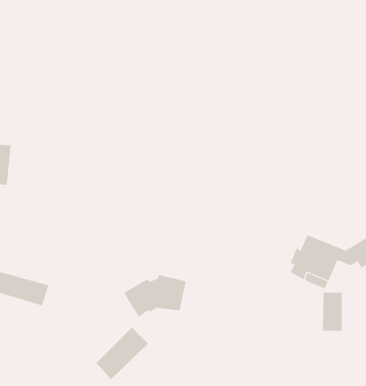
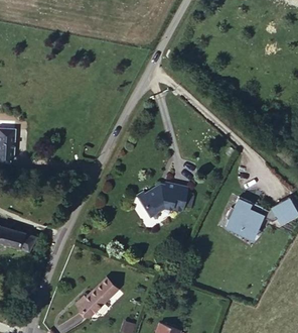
building: [123,275,187,317] -> [141,183,190,216]
building: [323,292,342,331] -> none

